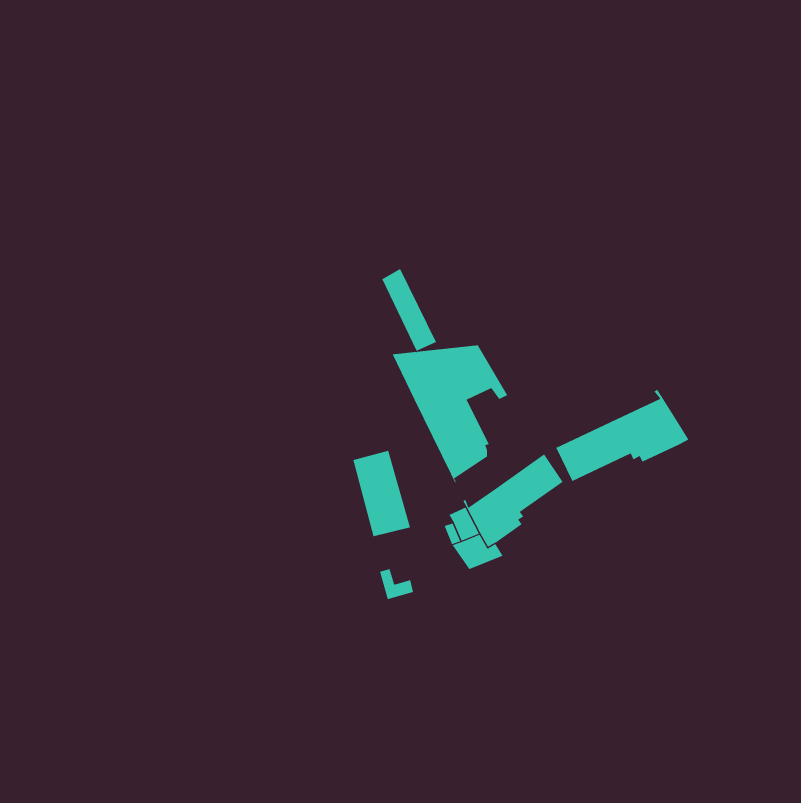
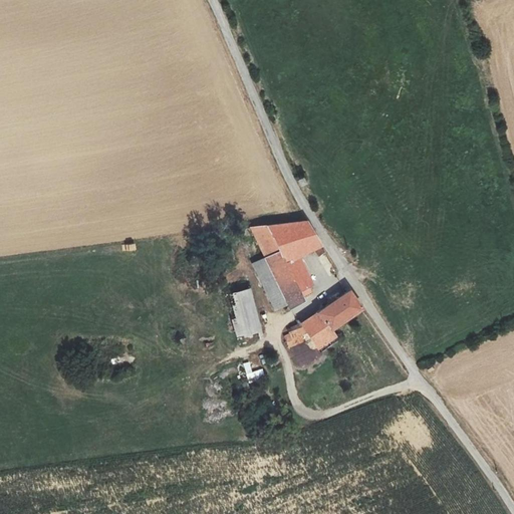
building: [382,268,437,352] -> [254,256,289,309]
building: [555,389,689,482] -> none

